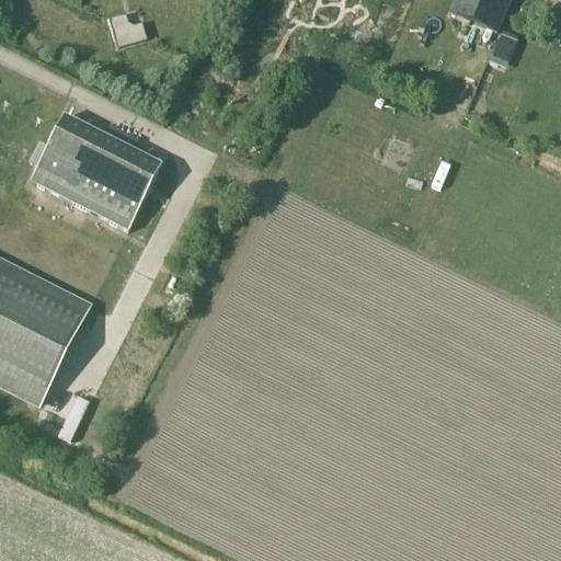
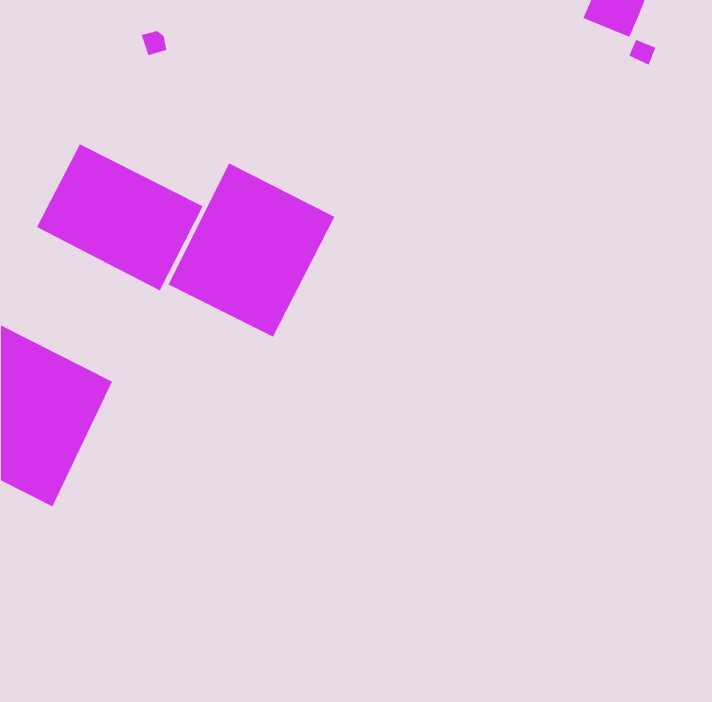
building: none -> [168,162,335,338]

